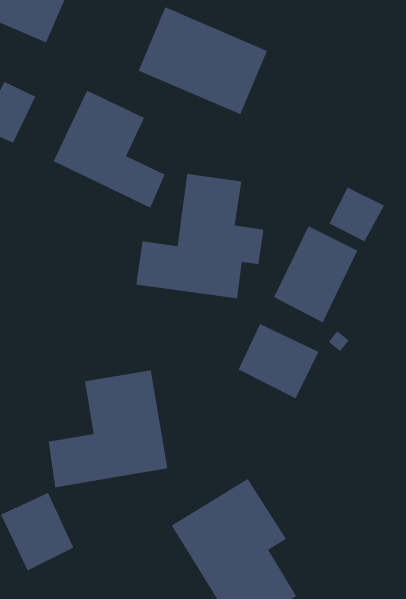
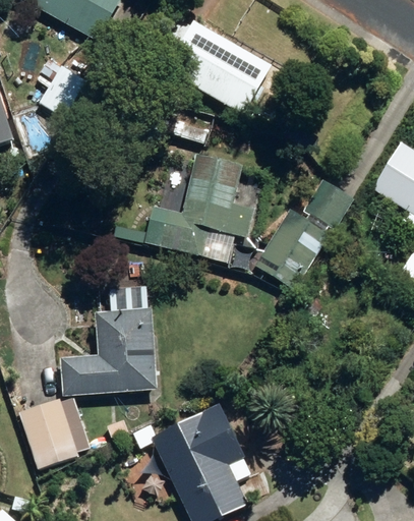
building: [53,90,165,208] -> none
building: [238,323,319,399] -> none

